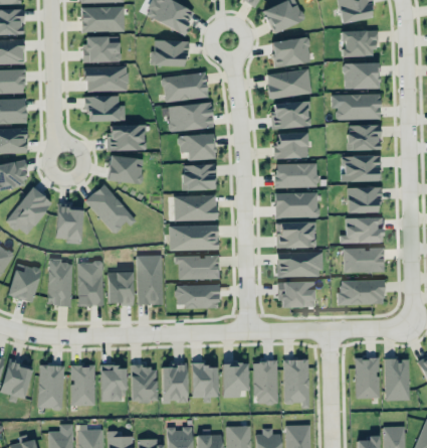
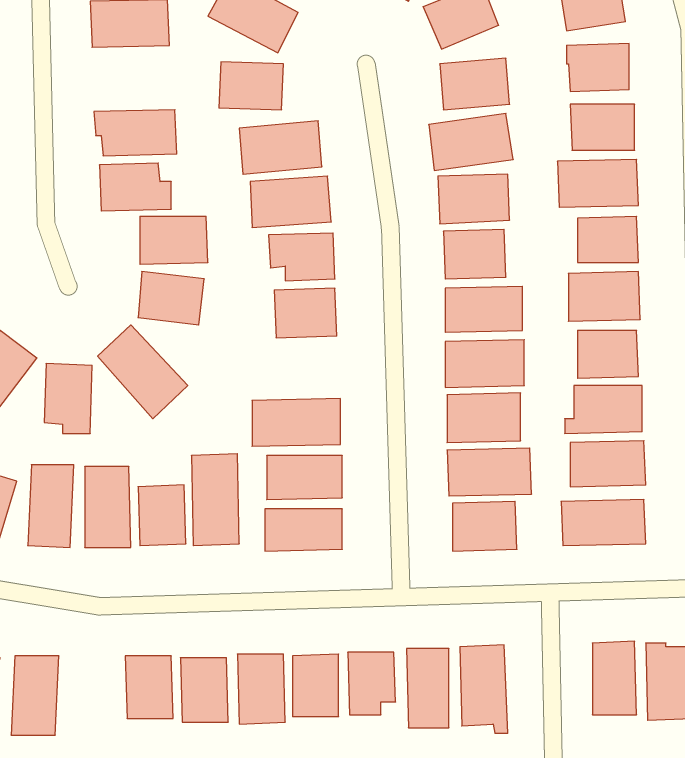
building: [83,36,120,62] -> none
building: [174,195,217,221] -> none
building: [71,365,95,406] -> none

